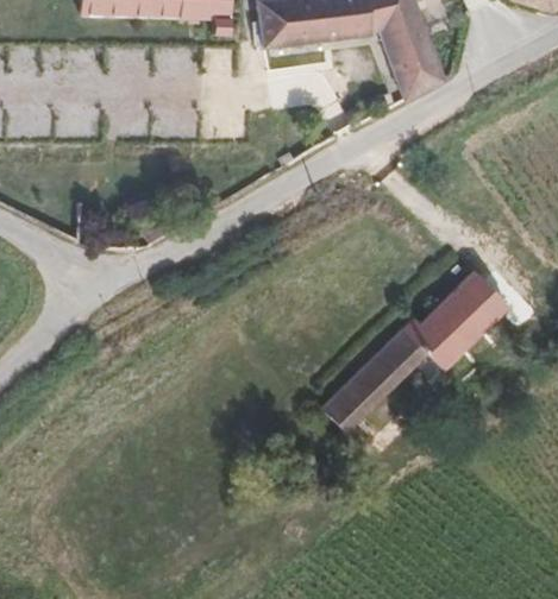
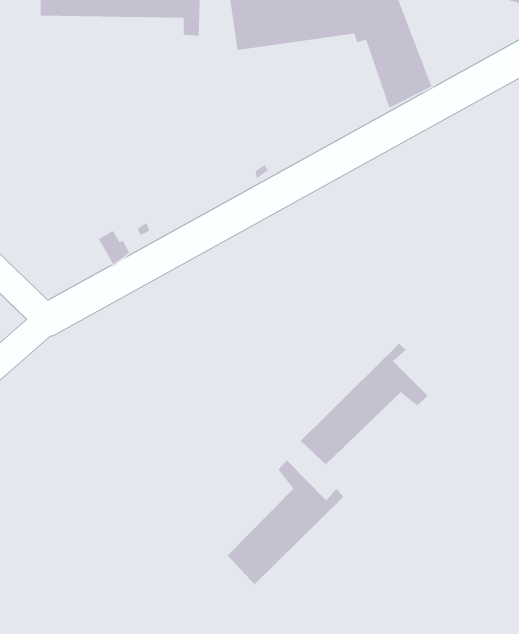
building: [410,270,510,367] -> none
building: none -> [227,459,344,585]

